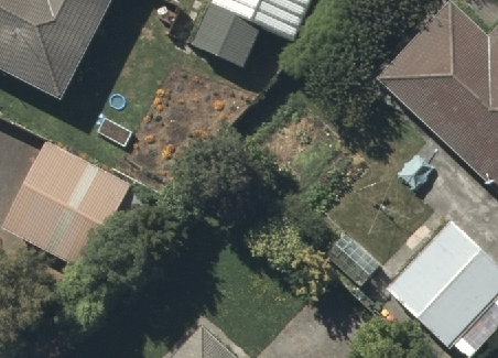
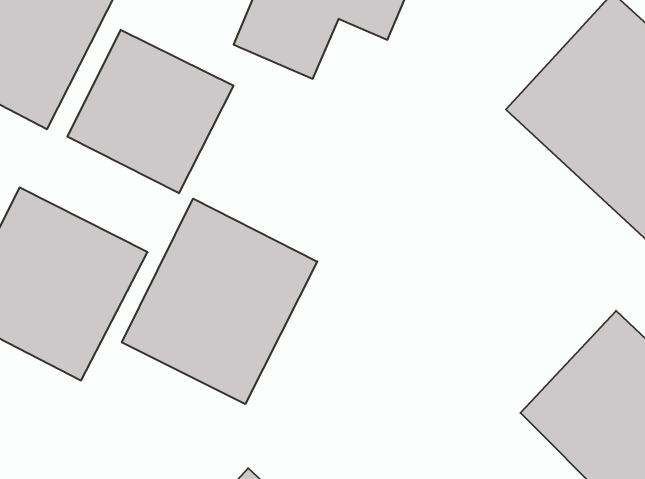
building: none -> [67,30,233,193]
building: none -> [122,199,317,404]

